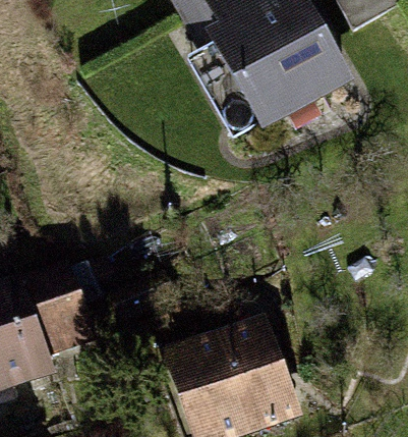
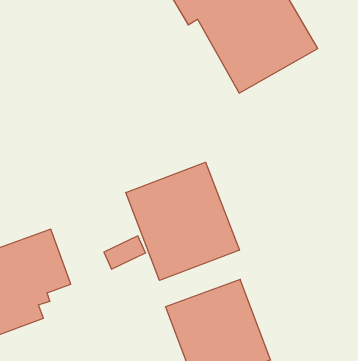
building: none -> [126,162,239,280]

